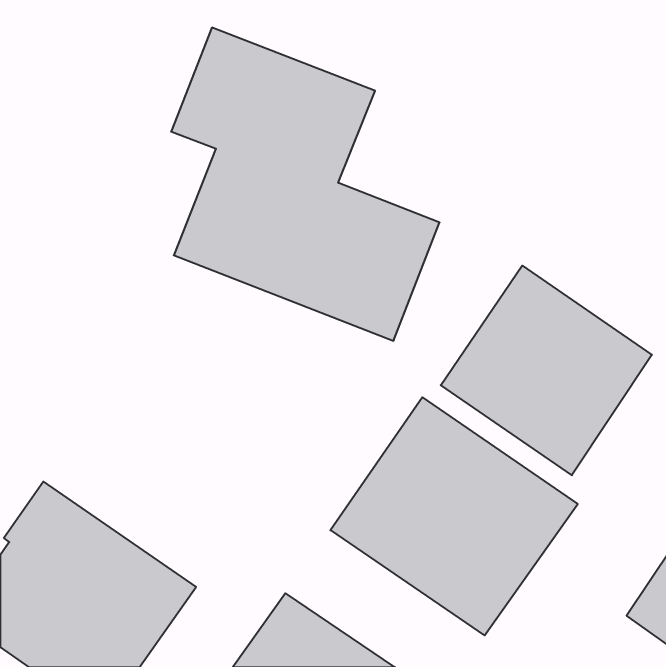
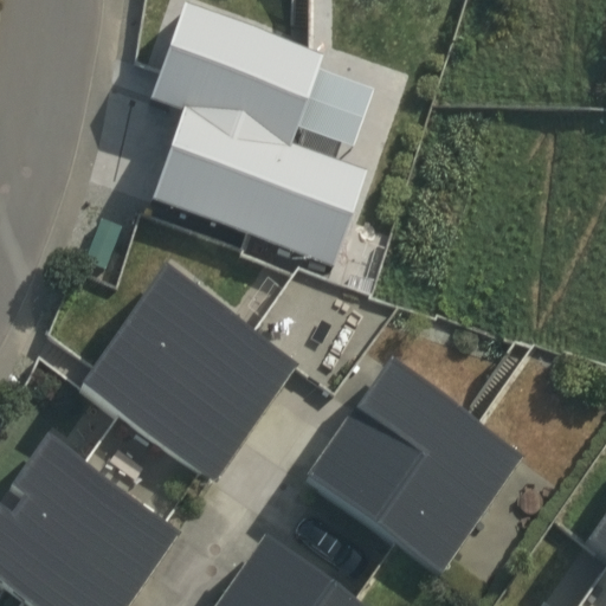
building: [441,266,652,475] -> none
building: none -> [78,264,302,481]

